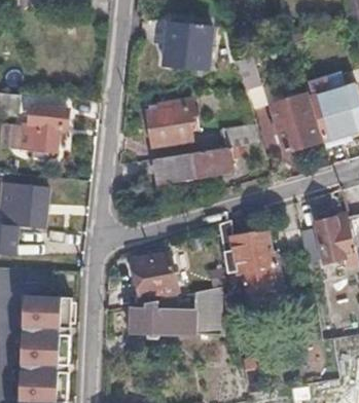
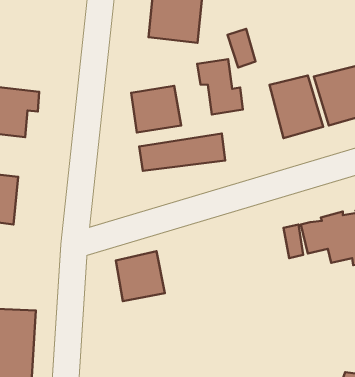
building: none -> [197,59,243,114]
building: [228,230,272,294] -> none
building: [132,287,219,334] -> none

